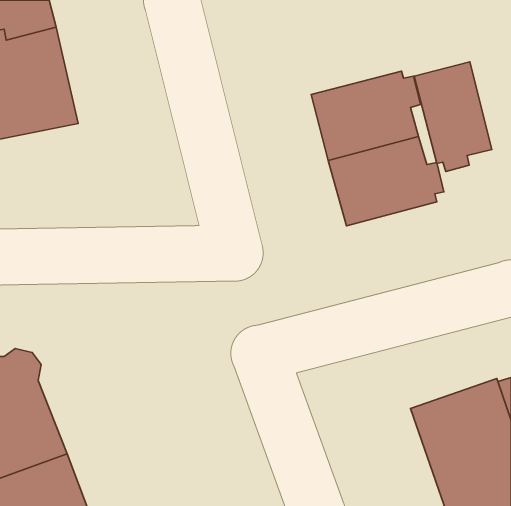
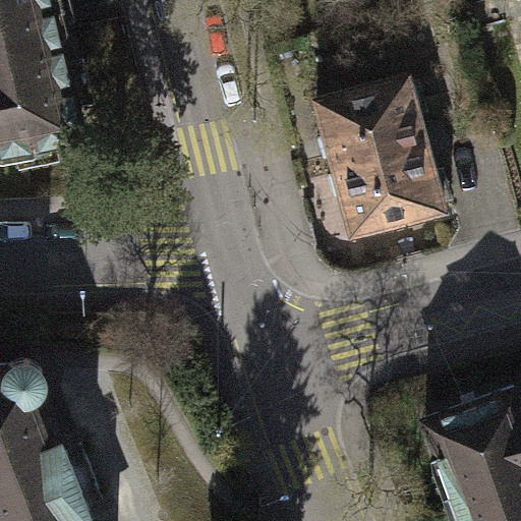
building: [414,62,492,172] -> none

